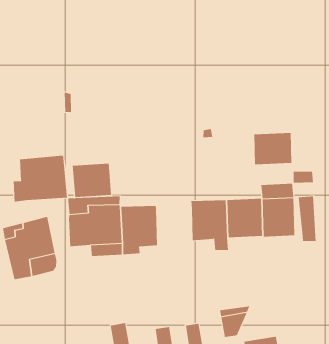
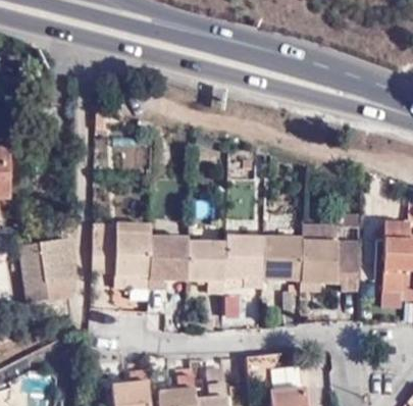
building: [254,132,292,165] -> none
building: [13,155,67,203] -> none
building: [72,163,112,198] -> none
building: none -> [188,242,226,293]

